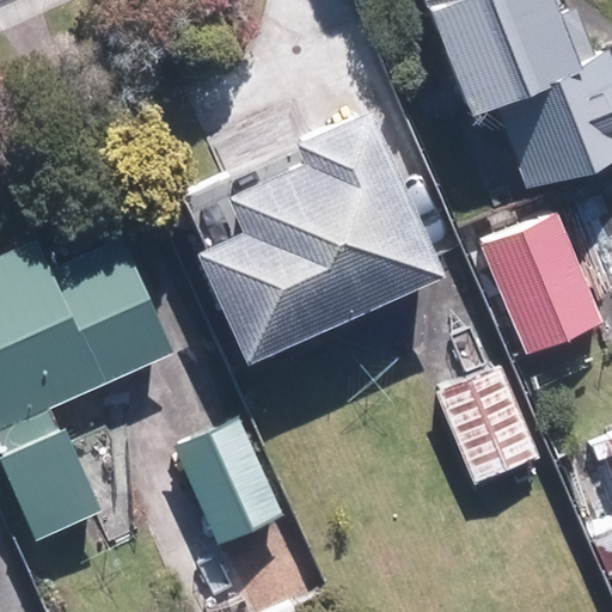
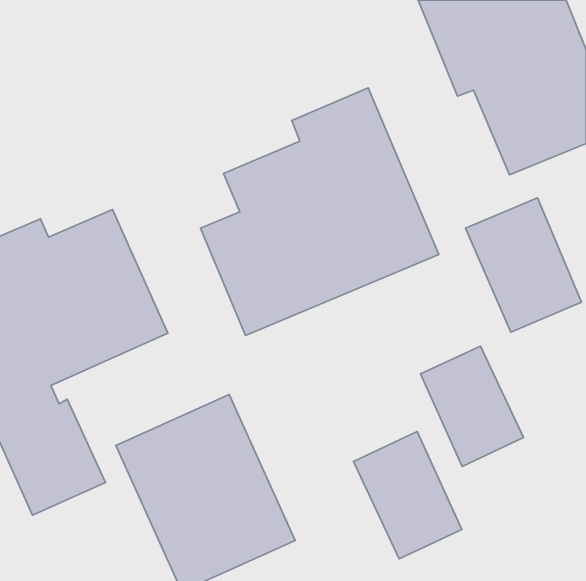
building: none -> [354,432,462,559]

